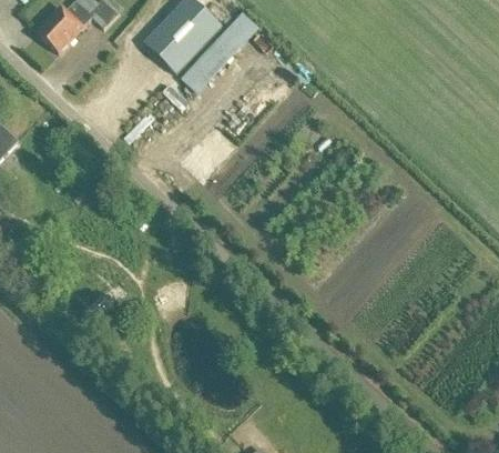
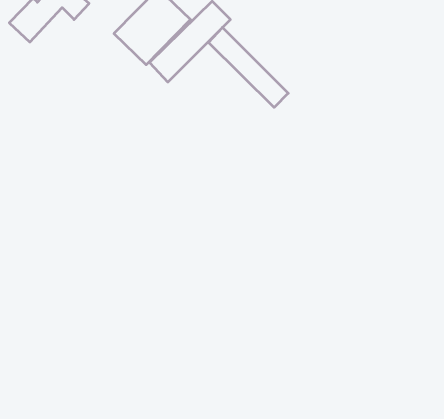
building: none -> [208,27,288,107]

